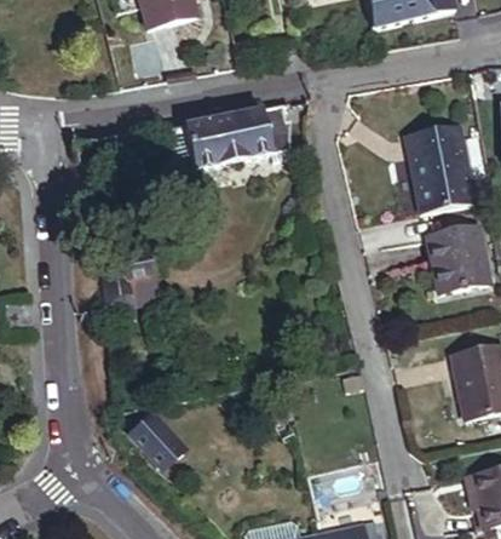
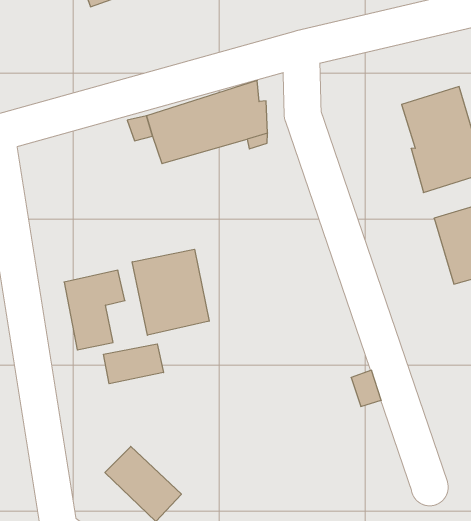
building: none -> [132,249,209,335]
building: none -> [104,344,163,384]

